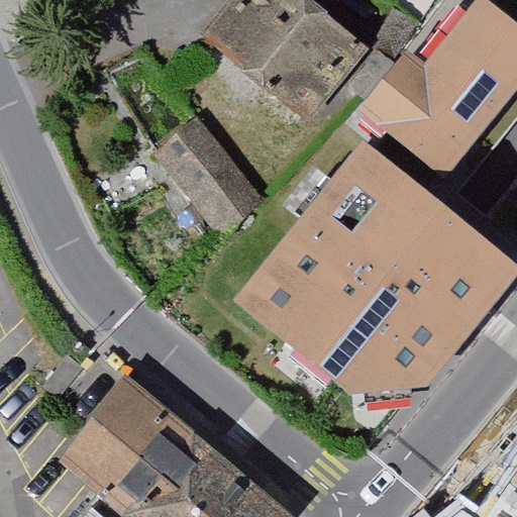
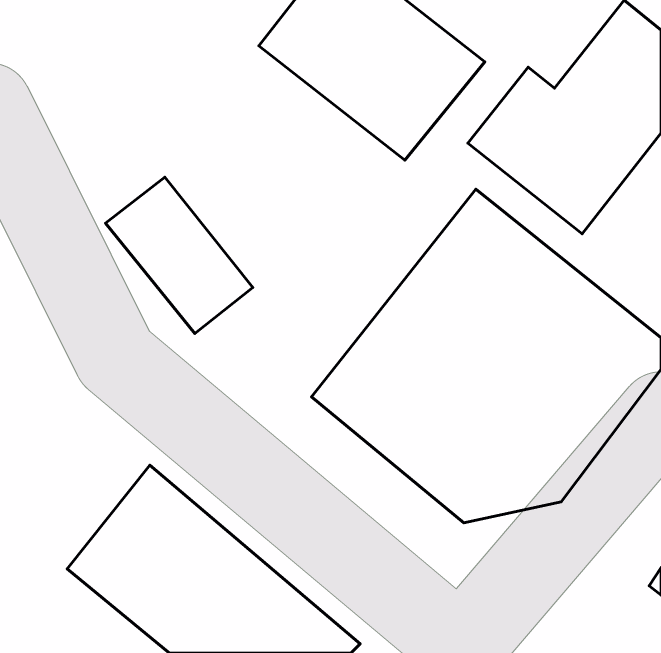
building: [146,113,260,233] -> [106,177,253,334]

